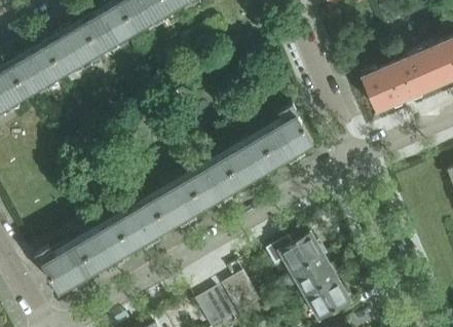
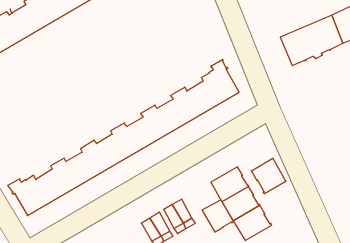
building: none -> [251,158,286,194]
building: none -> [202,200,234,232]

